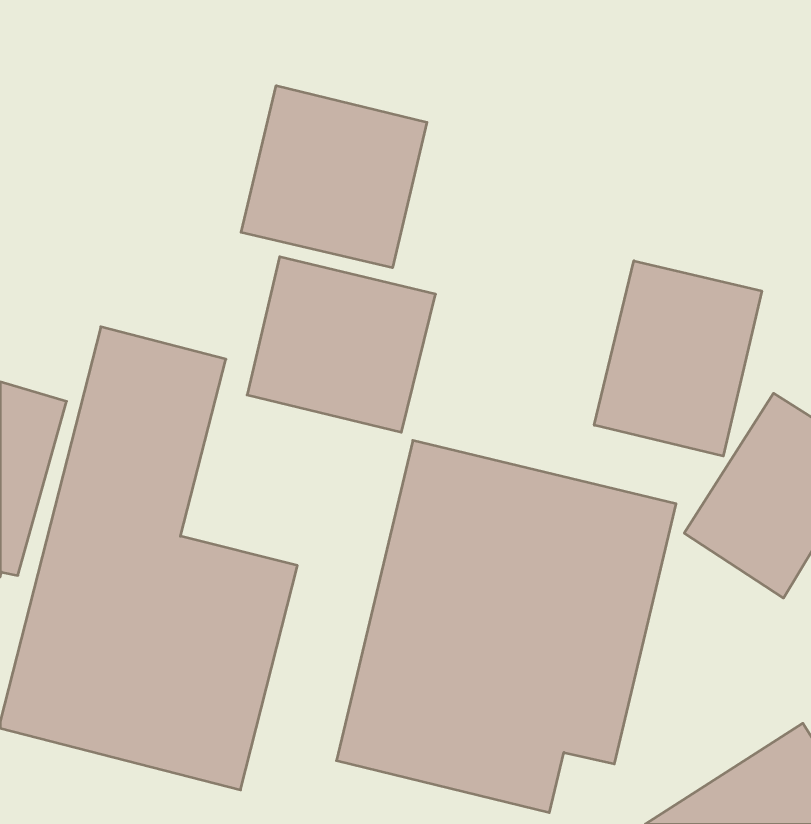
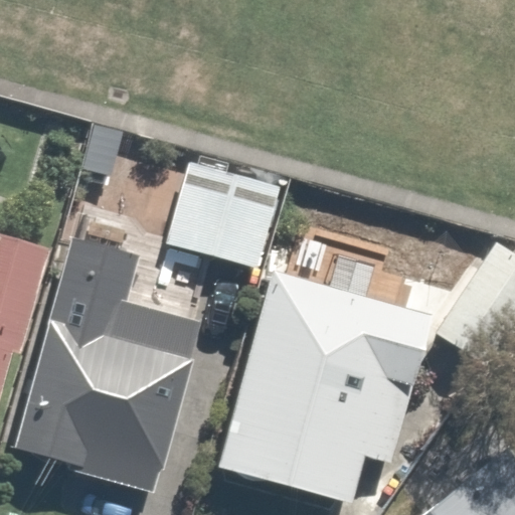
building: [241,86,427,268] -> none
building: [594,261,762,456] -> none

